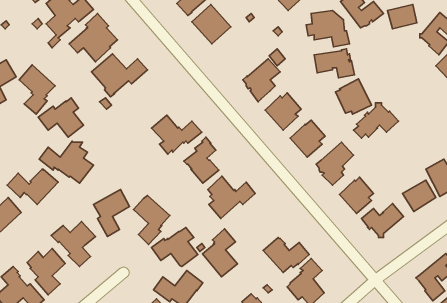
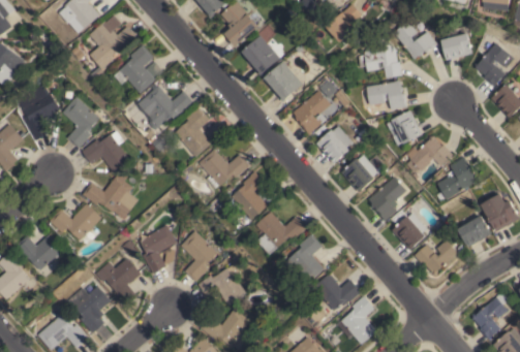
building: none -> [263,61,303,102]
building: none -> [175,107,212,157]
building: none -> [437,157,476,201]
building: [202,229,237,277] -> [288,233,325,283]

